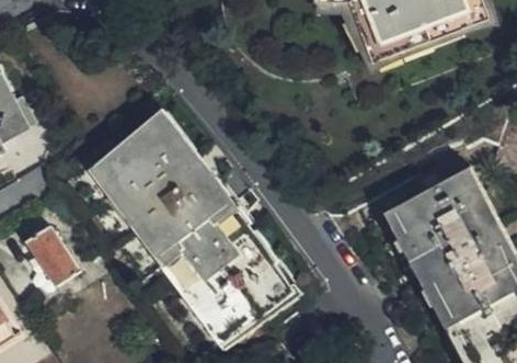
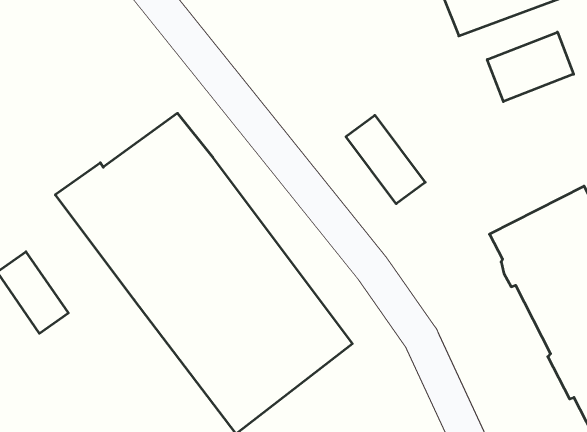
building: none -> [487,32,574,102]
building: none -> [346,115,425,204]

